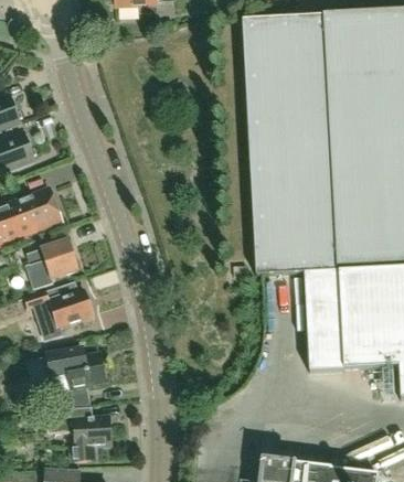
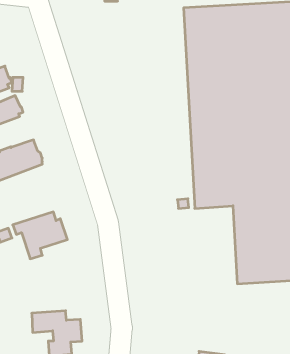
building: [26,238,78,288] -> none
building: [29,347,106,390] -> none

